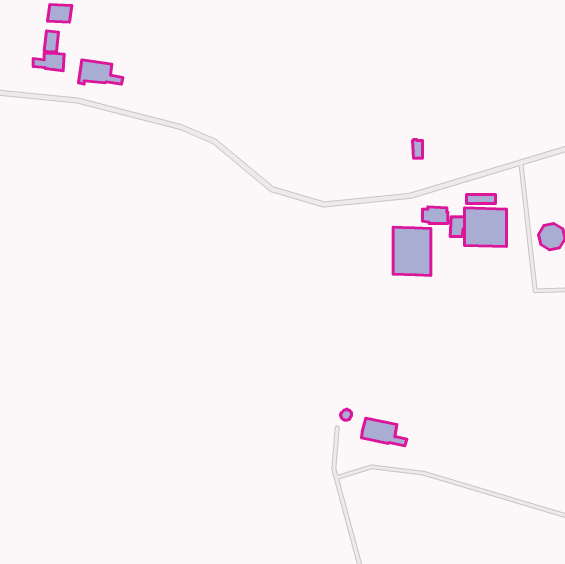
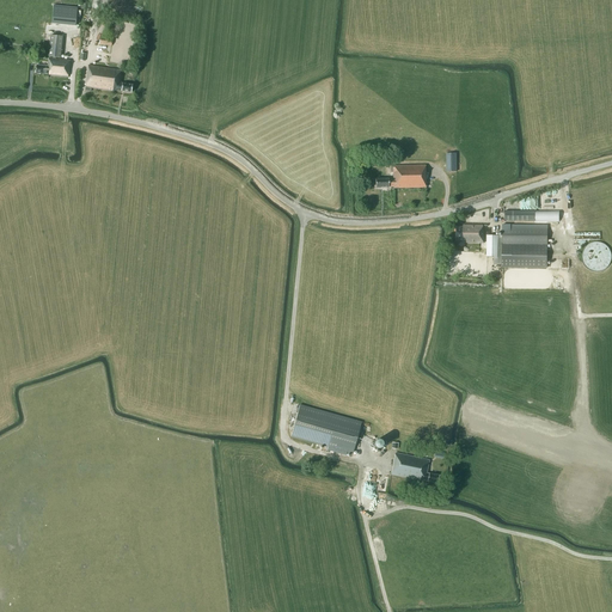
building: none -> [375,164,426,186]
building: [393,227,431,275] -> none
building: none -> [290,404,361,453]

